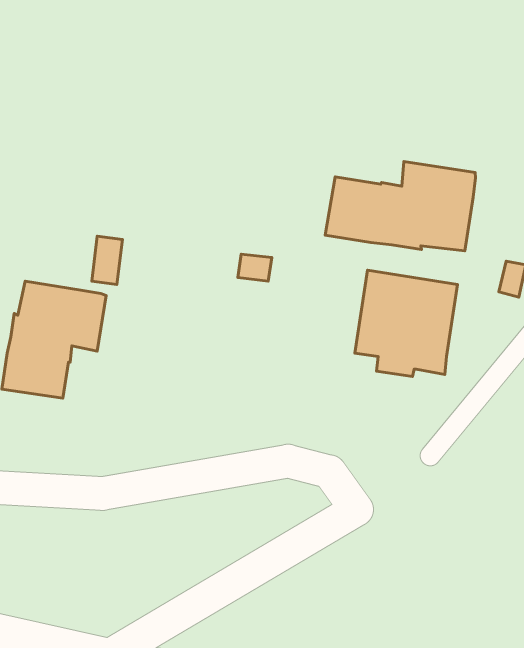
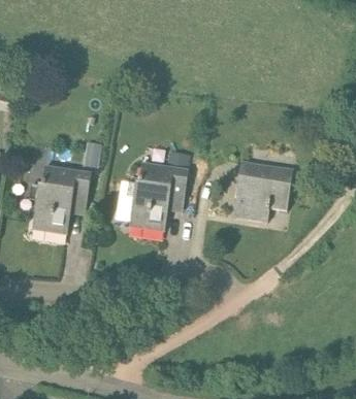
building: [325,162,475,251] -> none
building: none -> [129,164,188,232]

